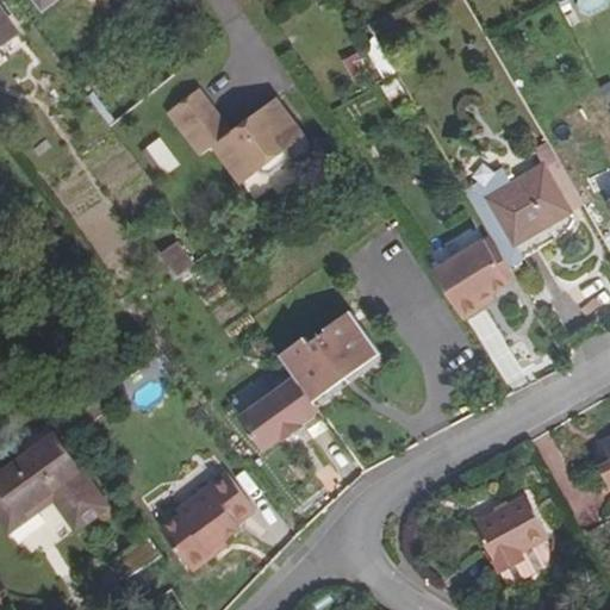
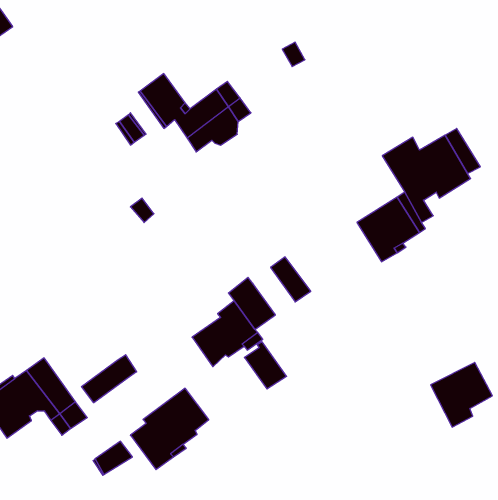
building: [307,325,359,382] -> [244,342,287,389]
building: none -> [82,355,137,403]
building: [472,490,547,568] -> [431,362,492,427]

